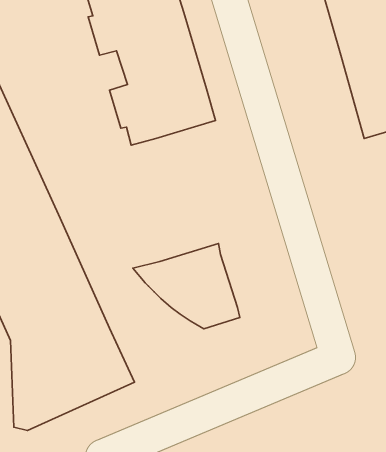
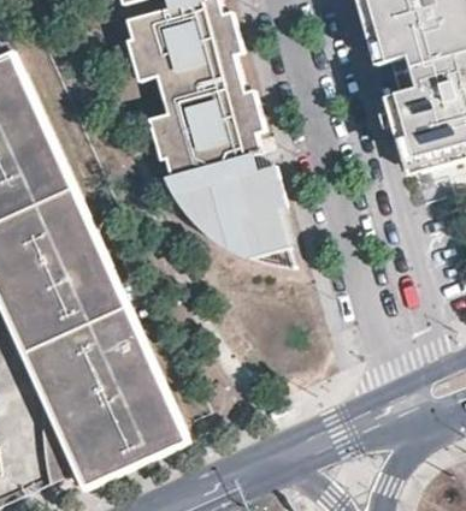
building: [133,243,240,329] -> [176,165,290,256]

